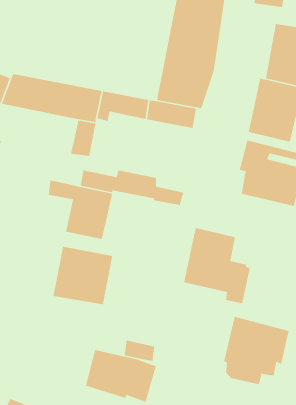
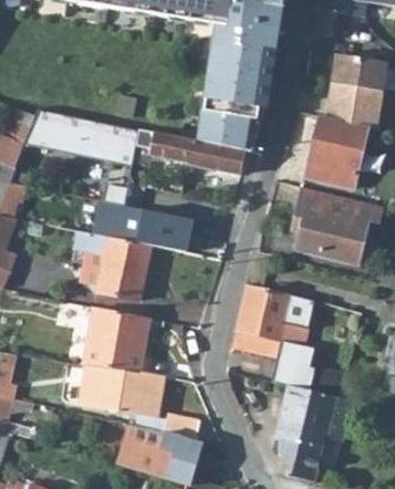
building: none -> [46,357,163,417]

